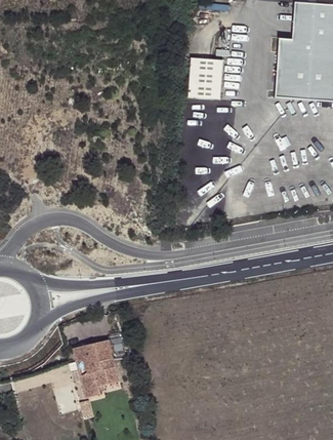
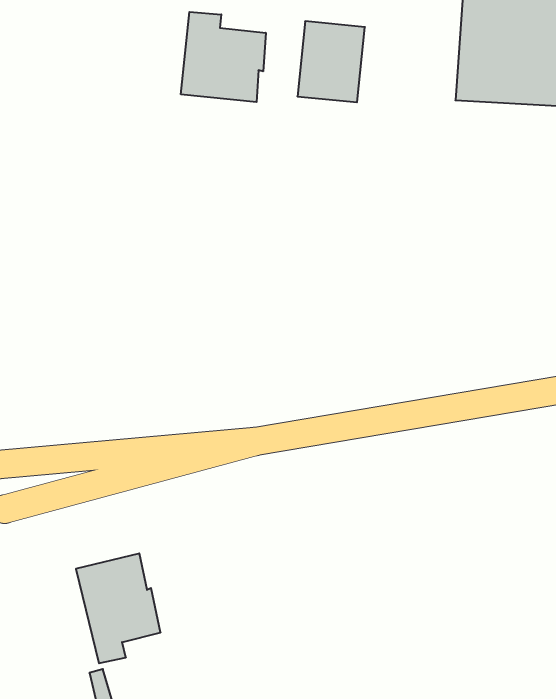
building: none -> [181,12,266,102]

